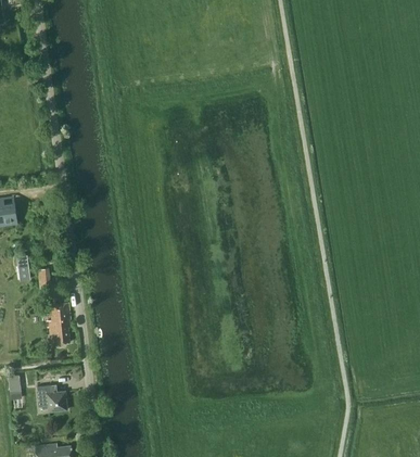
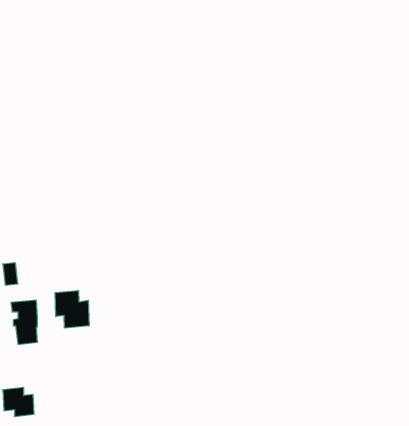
building: none -> [55,290,89,328]

